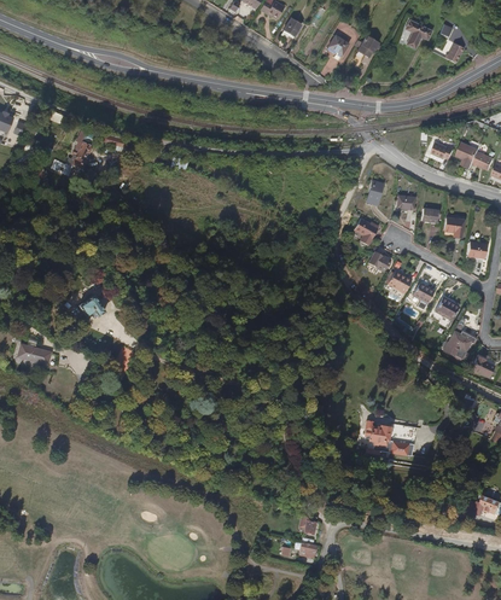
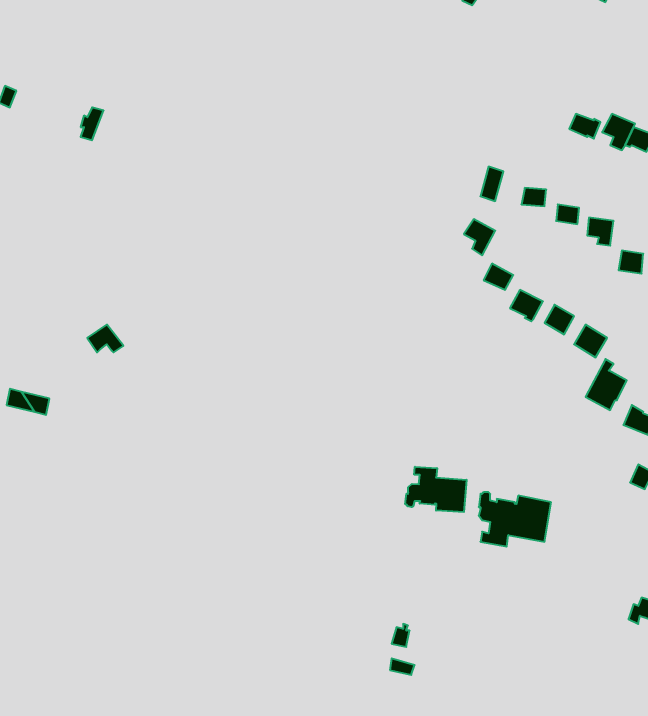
building: none -> [405,467,467,512]

